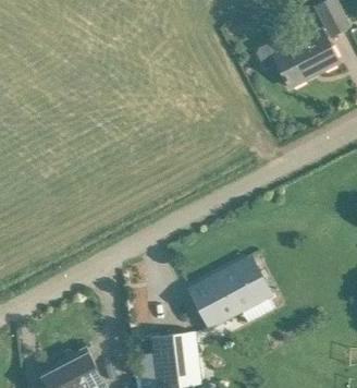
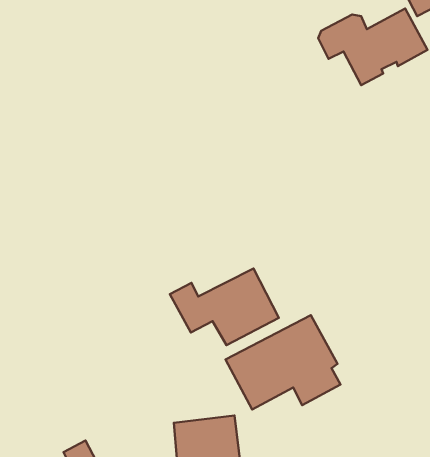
building: none -> [170,269,279,345]

